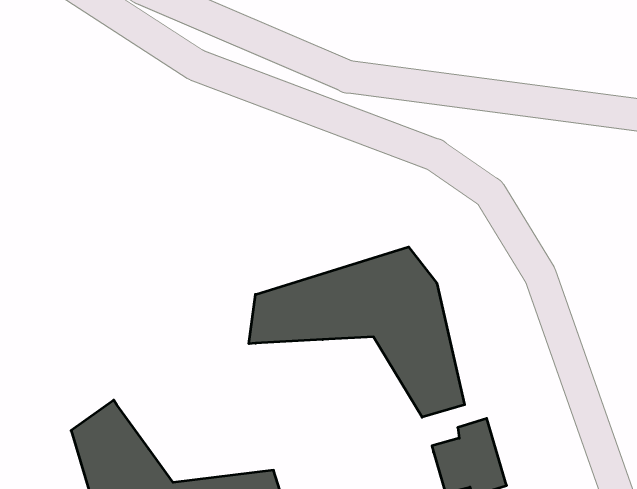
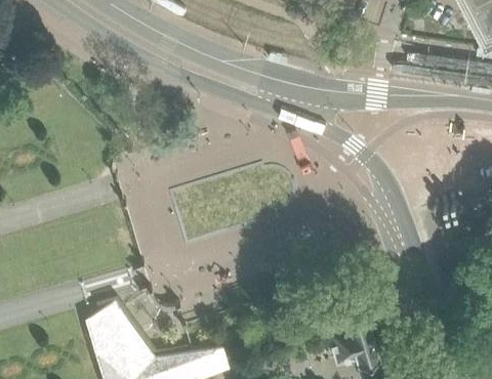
building: [249,247,465,417] -> none

